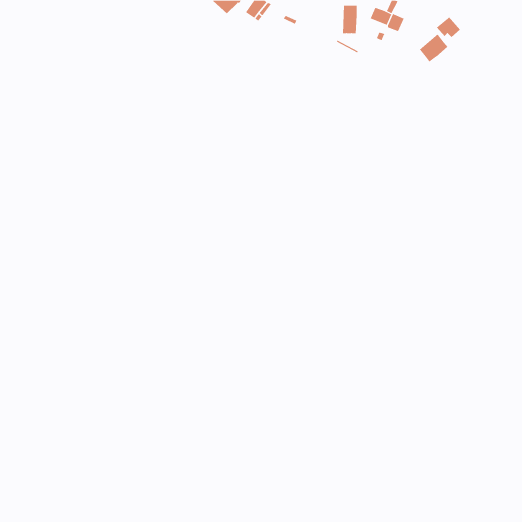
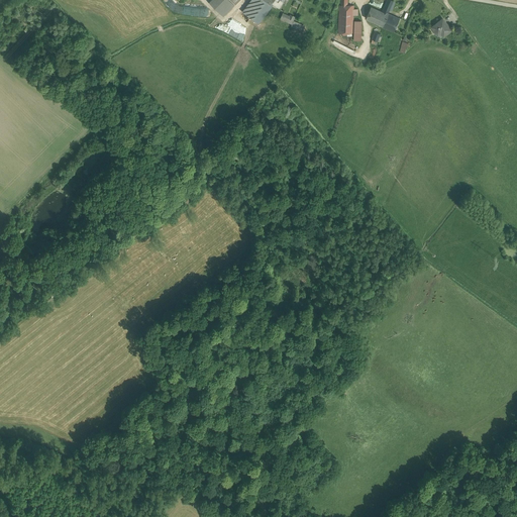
building: [419,34,448,62] -> none

